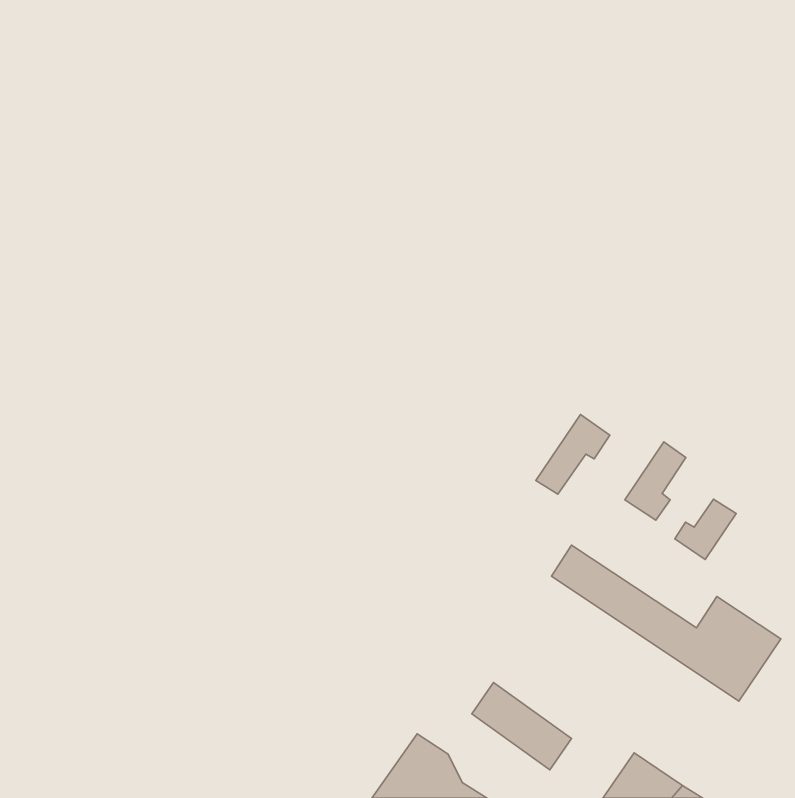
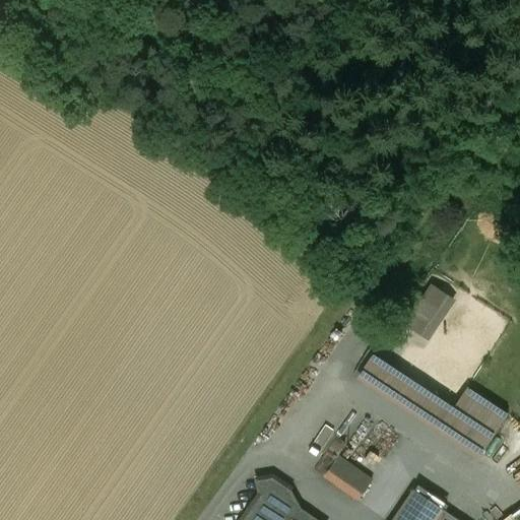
building: [536,415,610,494] -> none
building: [675,499,736,560] -> none

